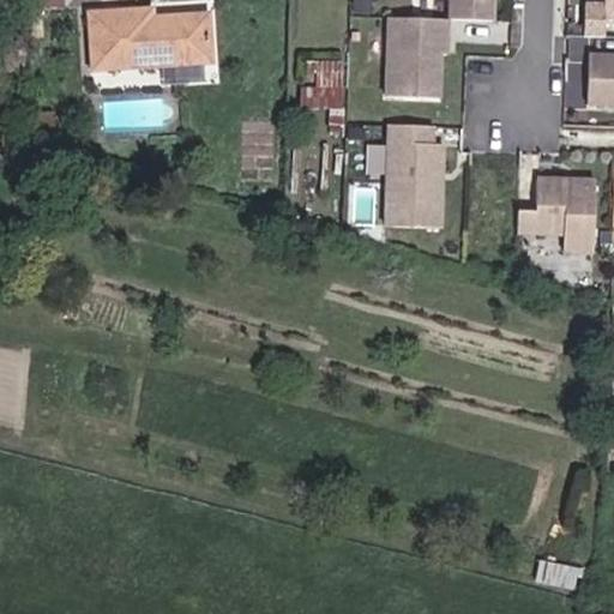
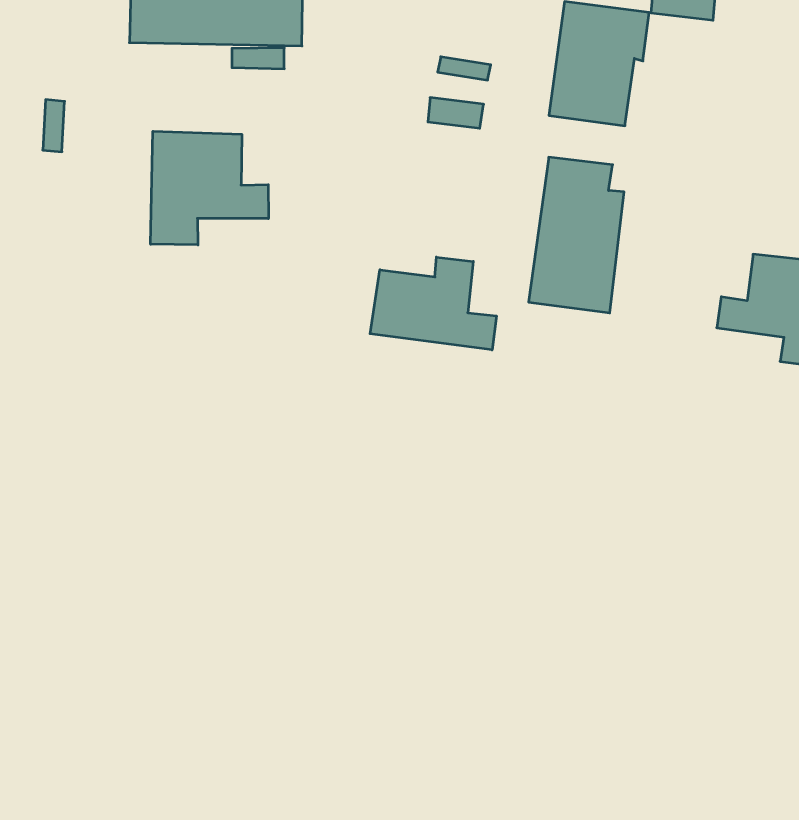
building: none -> [151,131,268,245]
building: none -> [370,257,496,350]

